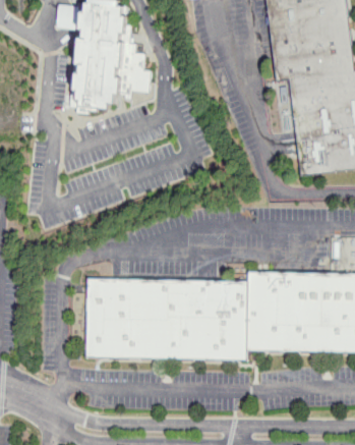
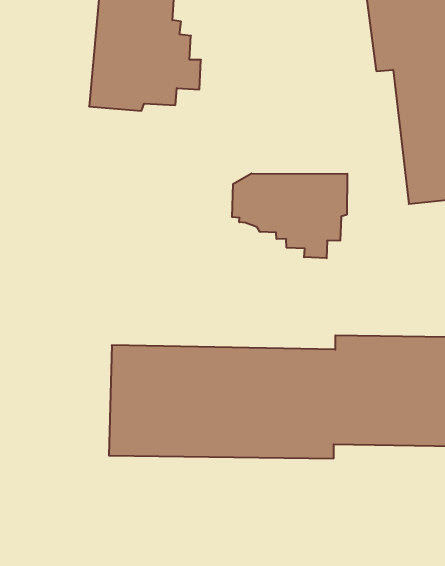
building: none -> [232,173,347,258]

